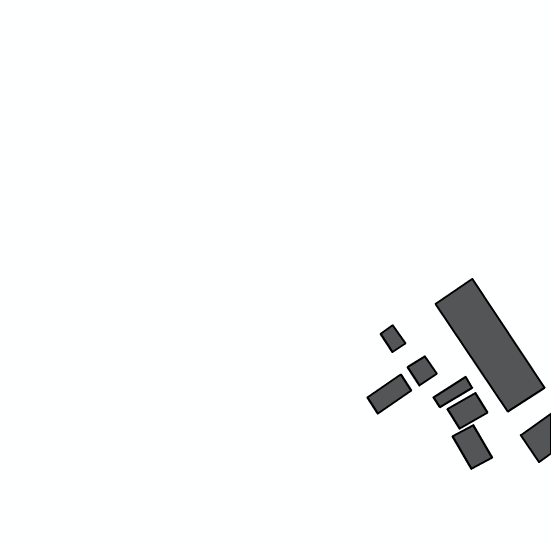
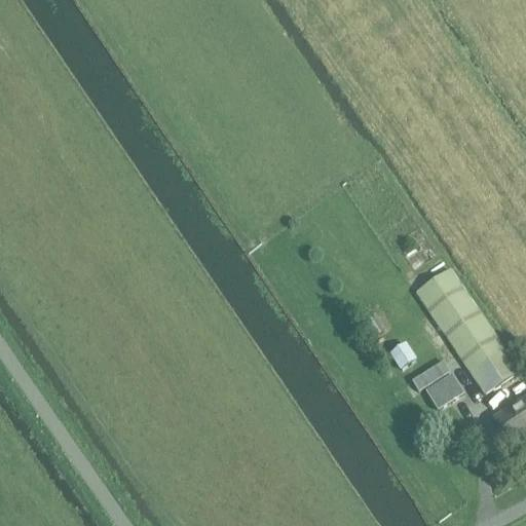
building: [368,375,411,414] -> none
building: [453,425,492,469] -> none

